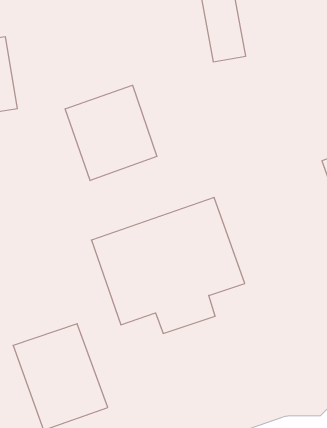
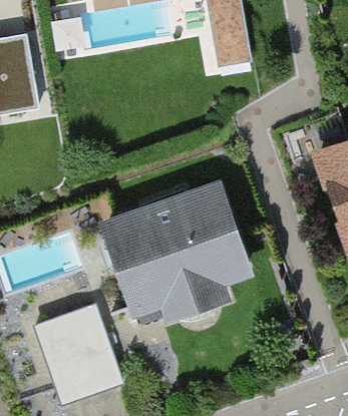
building: [65,85,157,181] -> none

